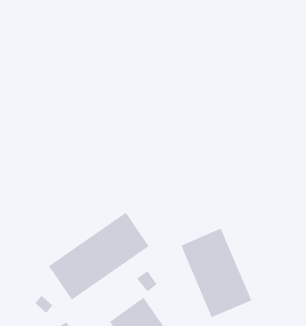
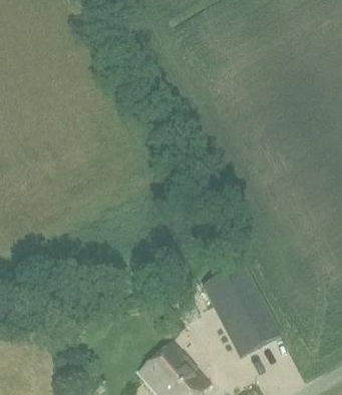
building: [48,212,150,300] -> none

